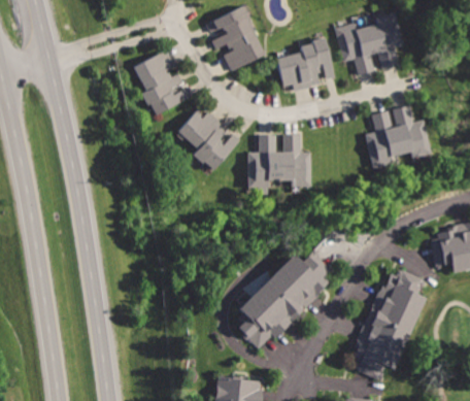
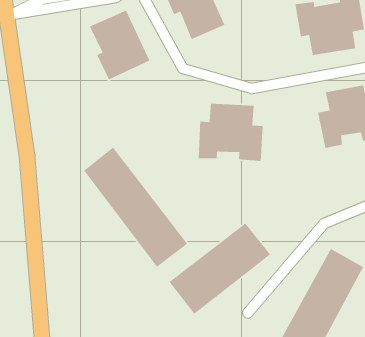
building: [274,38,335,94] -> none
building: [174,108,238,172] -> none
building: none -> [83,147,188,268]

